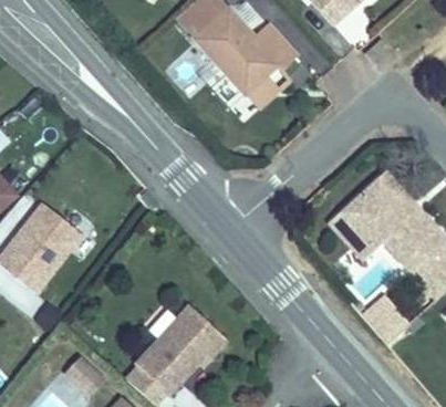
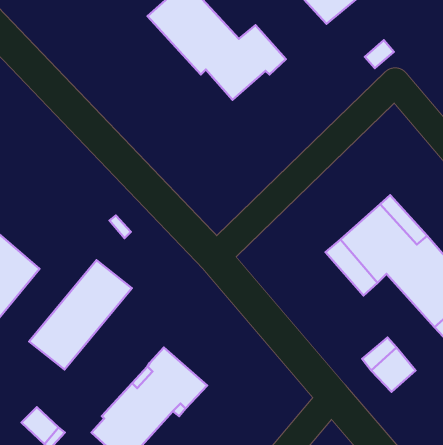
building: [221,63,290,108] -> none
building: none -> [29,260,132,369]

